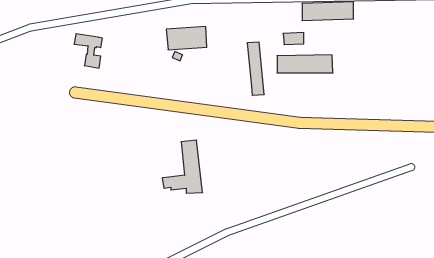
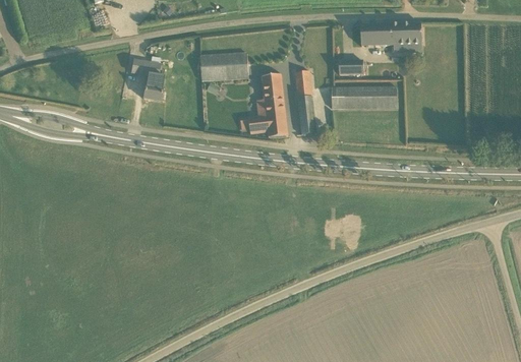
building: [74,34,102,68] -> [131,59,165,100]
building: [162,140,203,193] -> [240,73,288,136]

